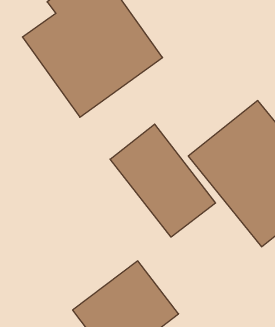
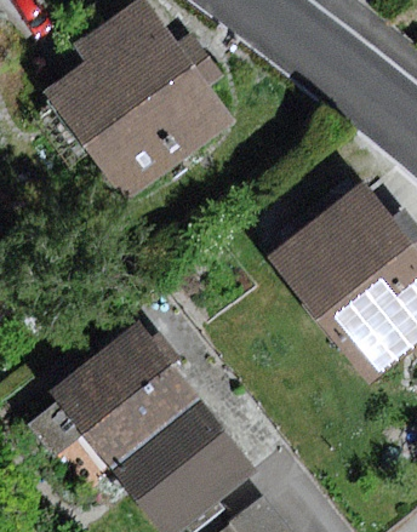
building: [110,124,216,237] -> none
building: none -> [51,324,200,469]

